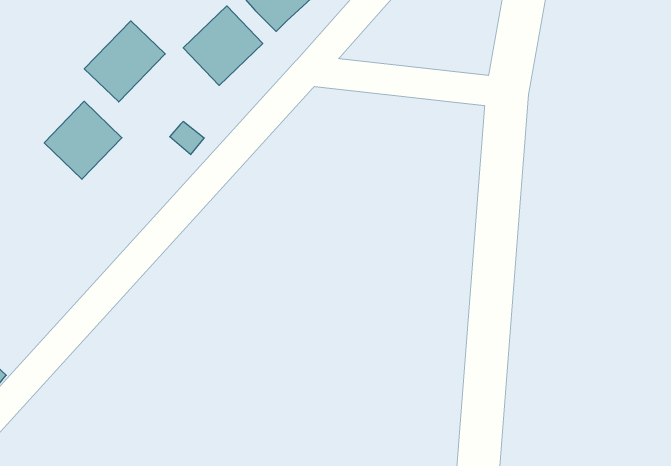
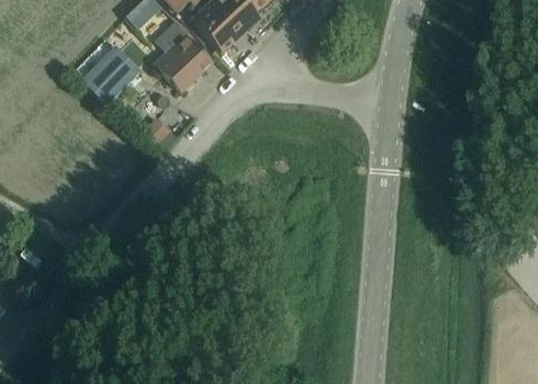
building: [44,101,122,179] -> none

